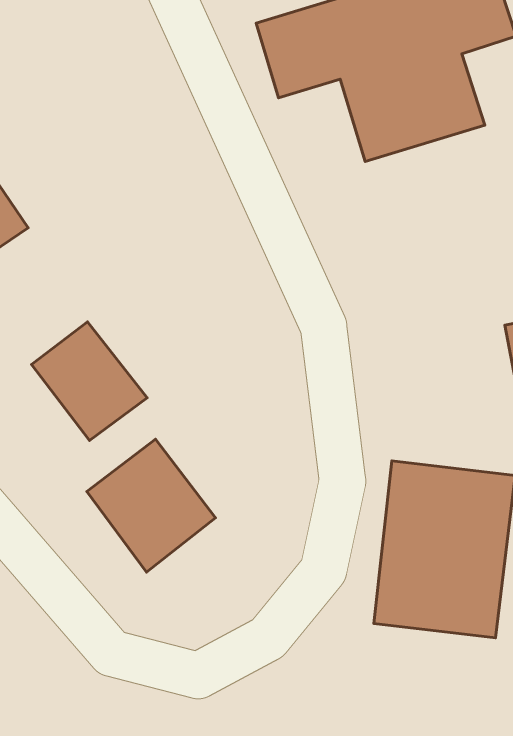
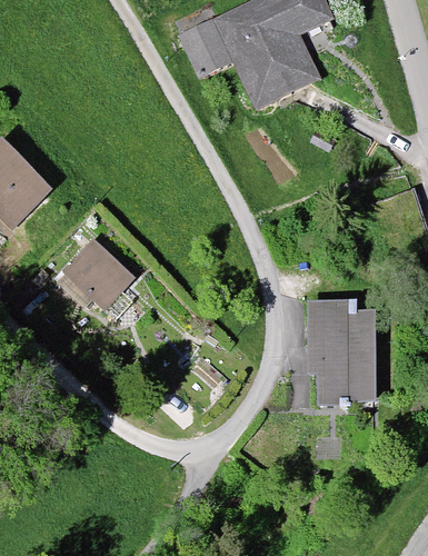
building: [87,439,216,572] -> none

